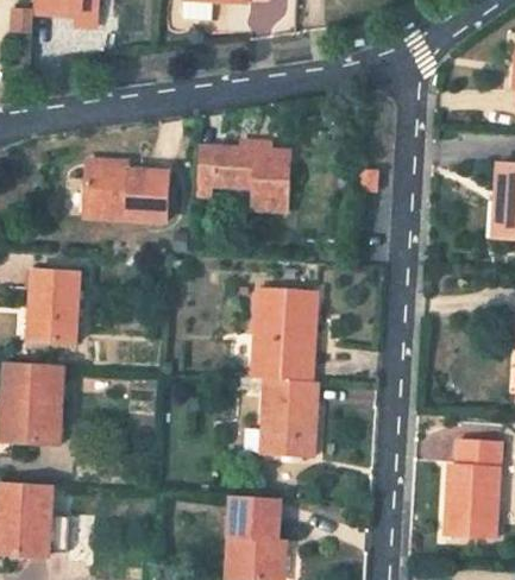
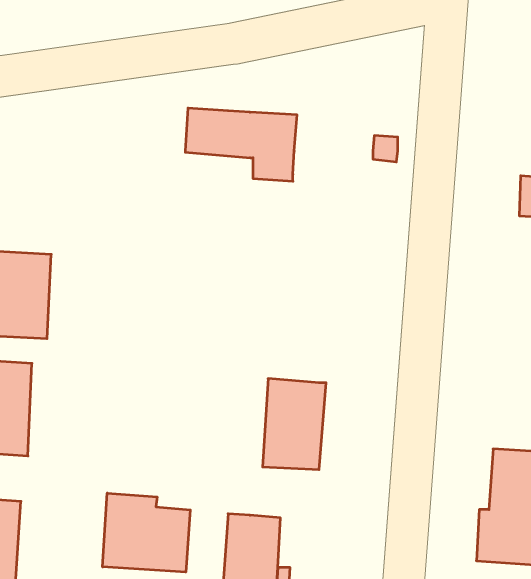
building: [83,169,169,221] -> none
building: [251,290,316,383] -> none
building: none -> [103,493,190,572]

